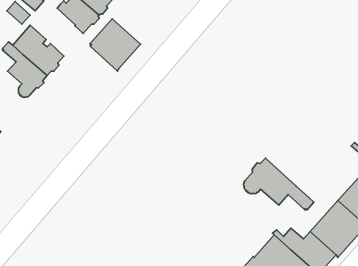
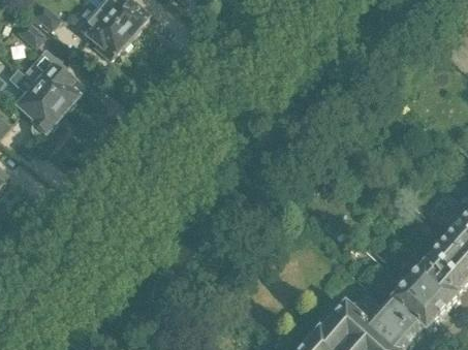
building: [90,19,141,71] -> none
building: [243,158,314,210] -> none

